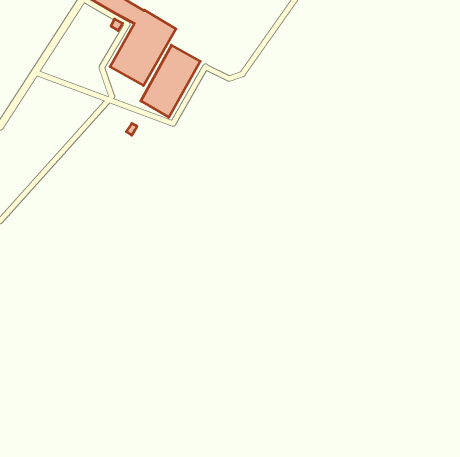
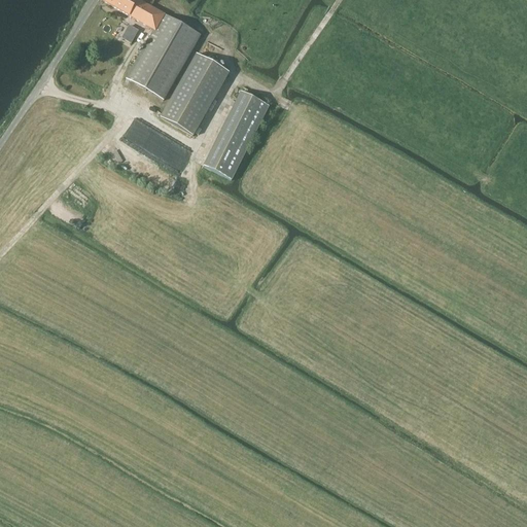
building: none -> [204,90,269,178]

